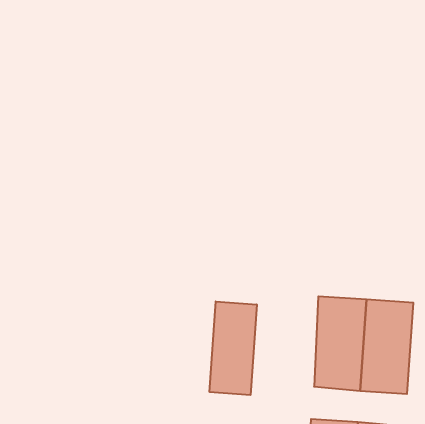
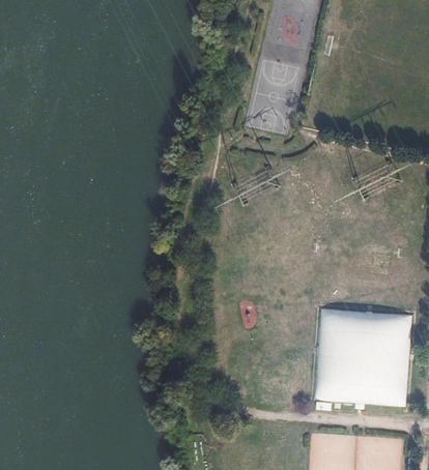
building: [210,301,257,395] -> none

